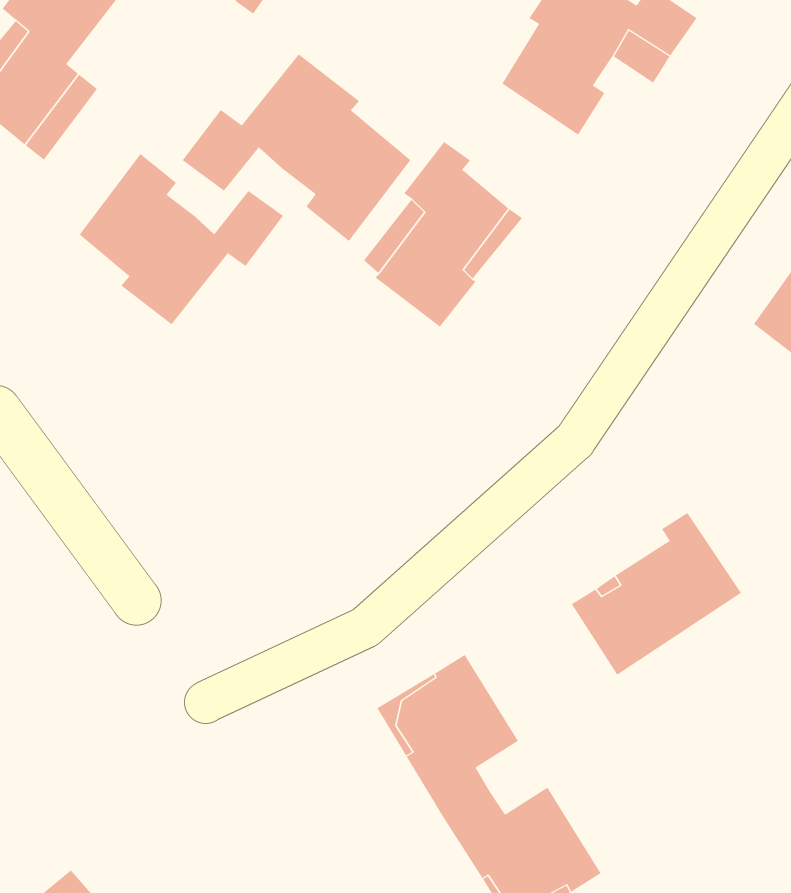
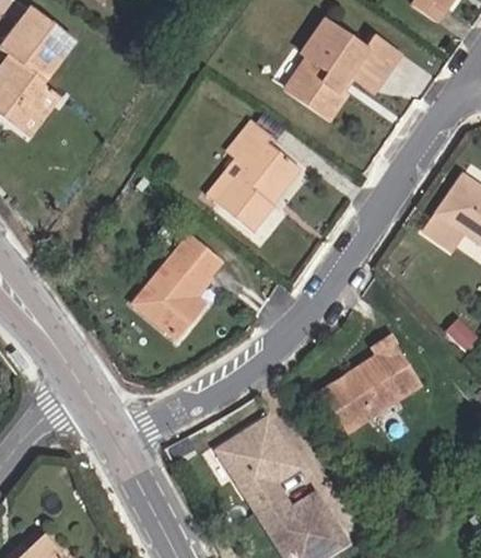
building: [182,54,411,242] -> none
building: [79,153,284,325] -> none
building: none -> [134,236,220,336]

